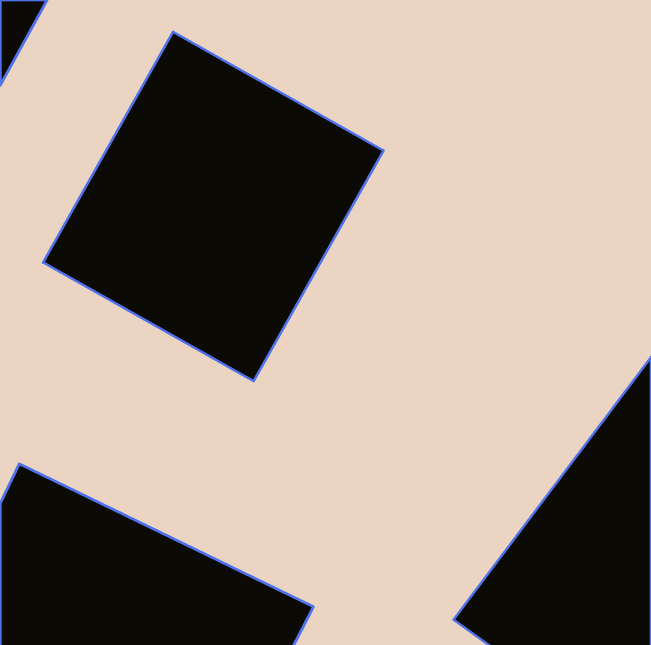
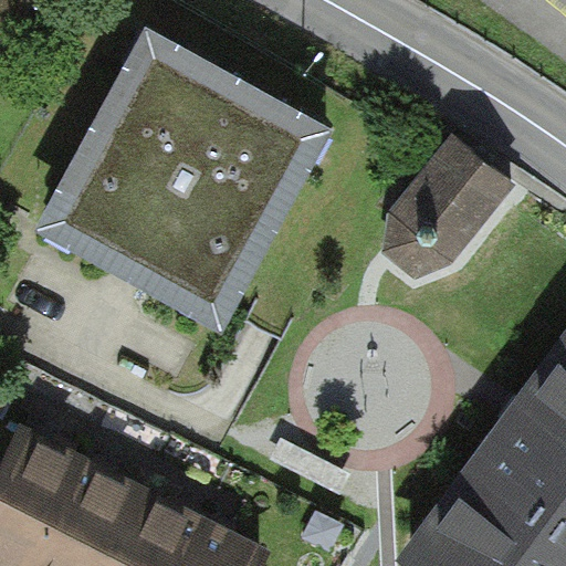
building: none -> [382,144,515,286]

